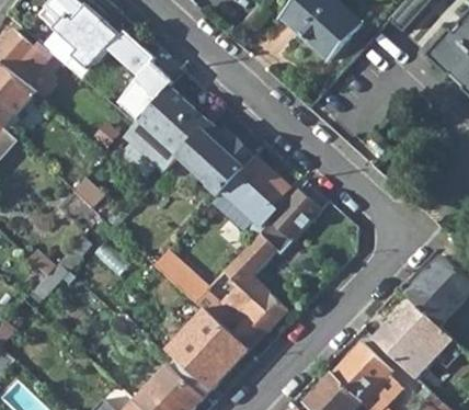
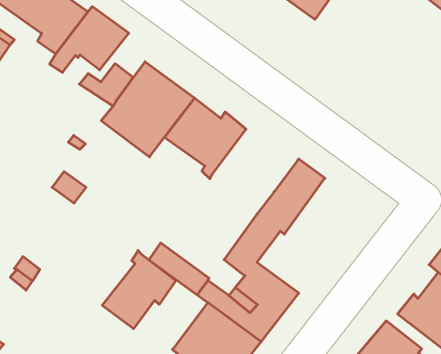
building: [218,155,287,227] -> none
building: none -> [102,250,176,329]

